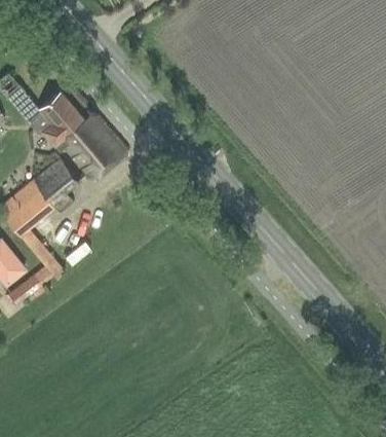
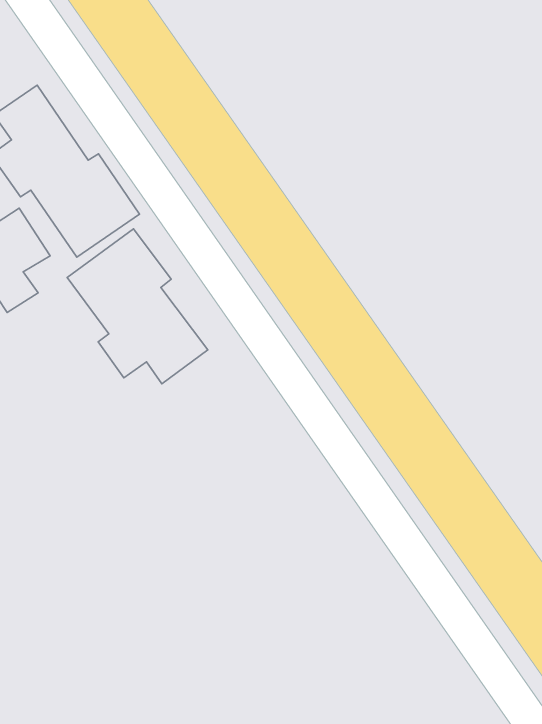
building: none -> [67,229,208,384]

